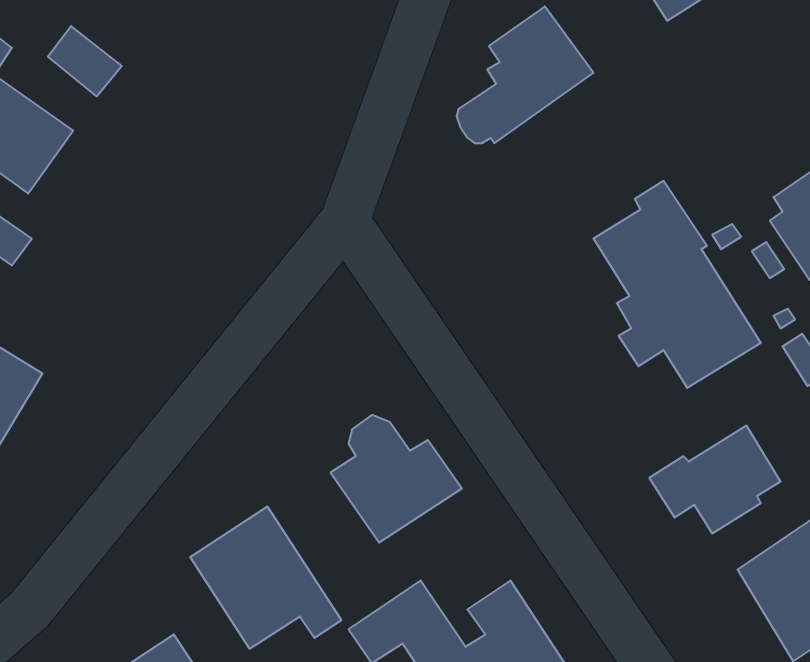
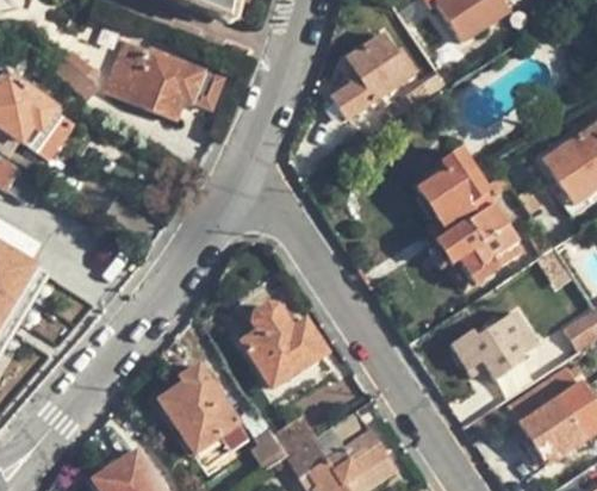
building: none -> [106,39,207,120]

